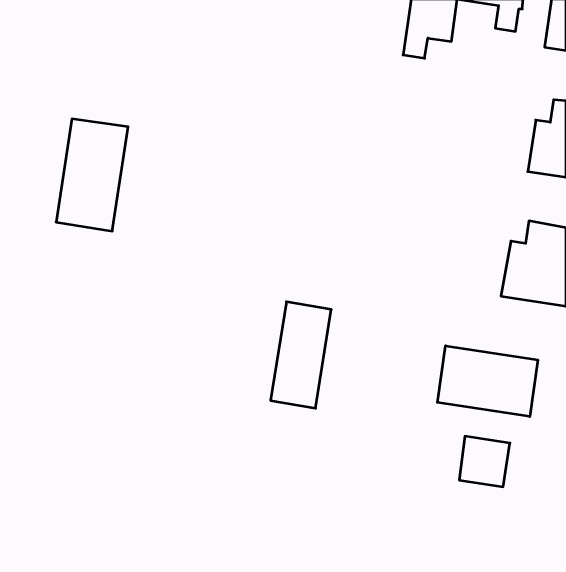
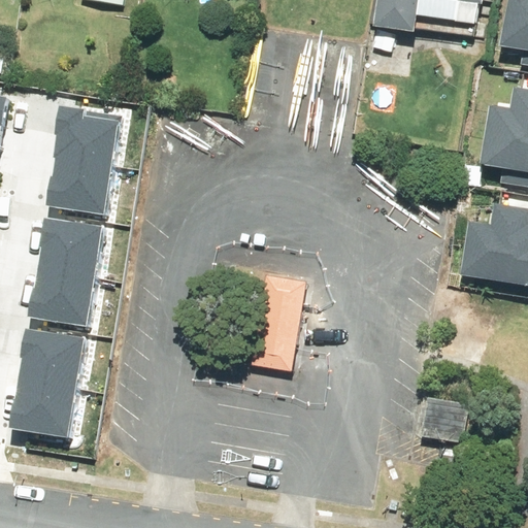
building: none -> [34,222,100,325]
building: [437,346,538,417] -> none
building: none -> [16,330,84,433]

